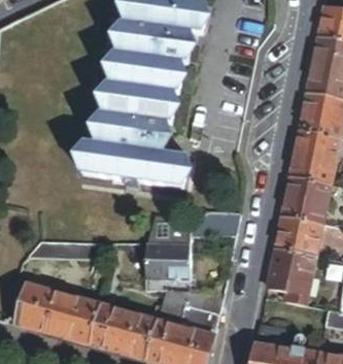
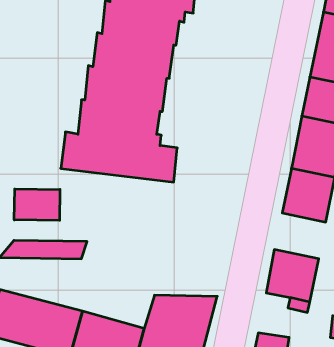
building: none -> [14,189,60,220]
building: [145,211,238,278] -> none
building: [274,214,320,256] -> none

